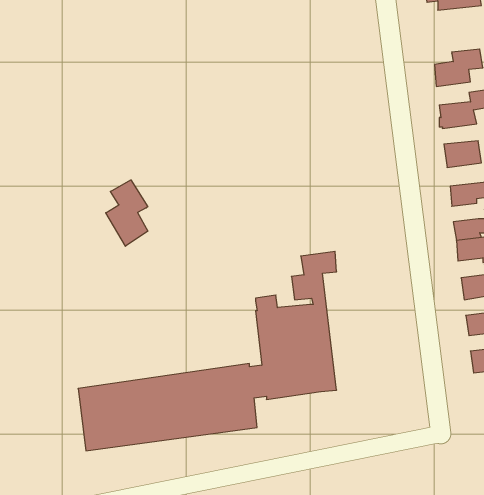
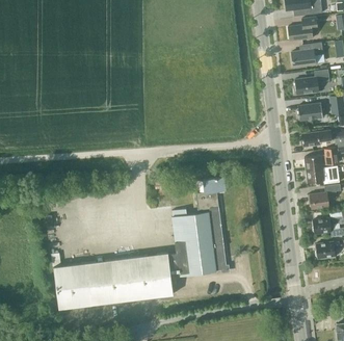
building: none -> [289,17,318,41]
building: [106,180,148,246] -> none

